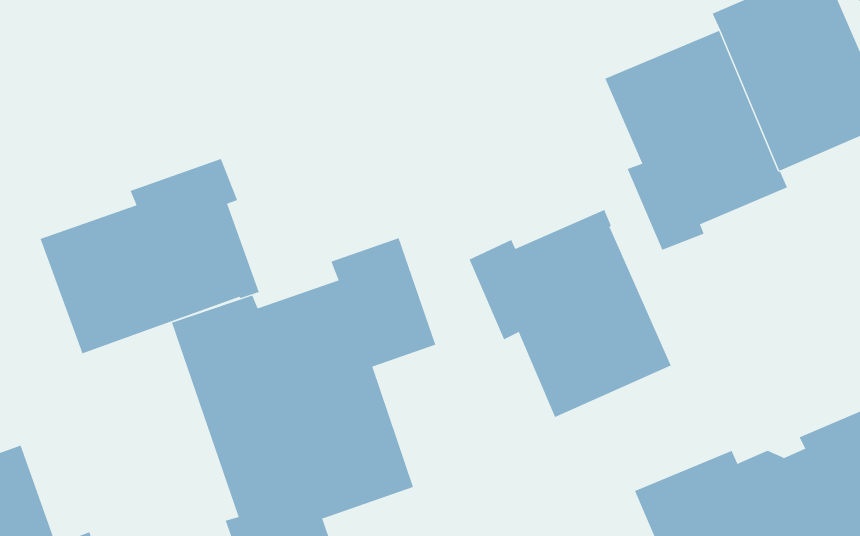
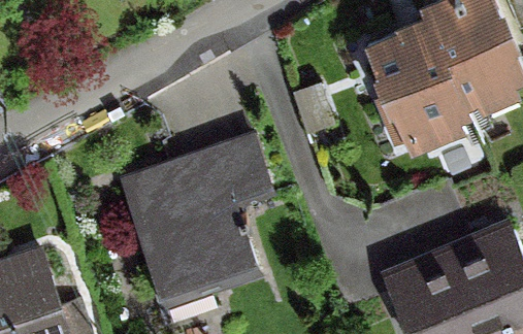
building: [40,158,259,354] -> none
building: [469,209,672,418] -> none

